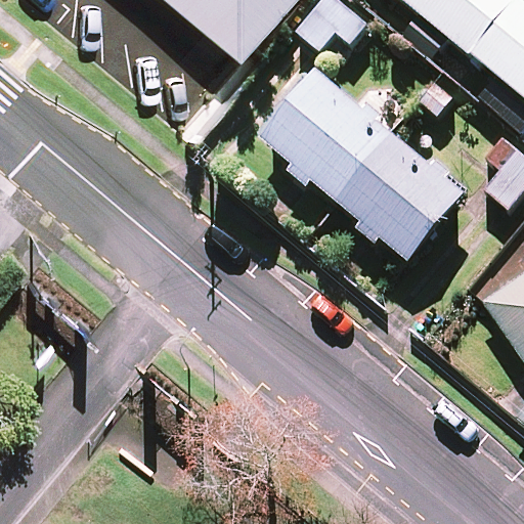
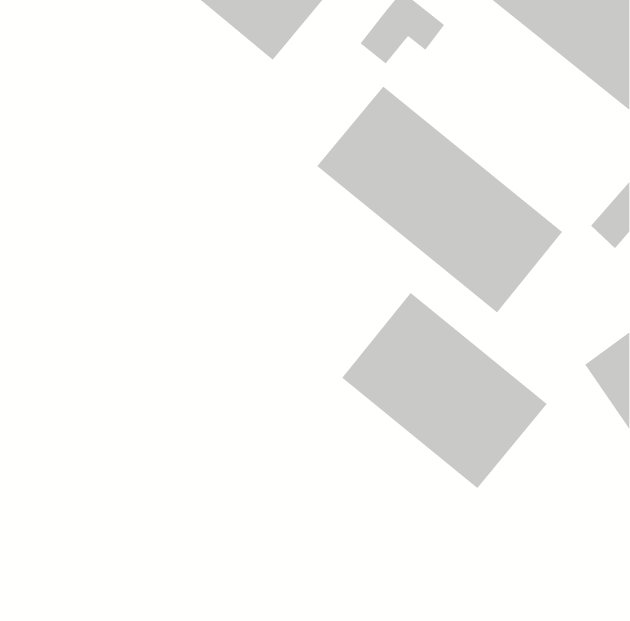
building: none -> [341,292,548,489]

